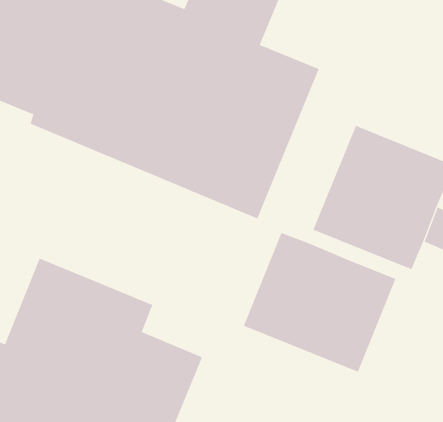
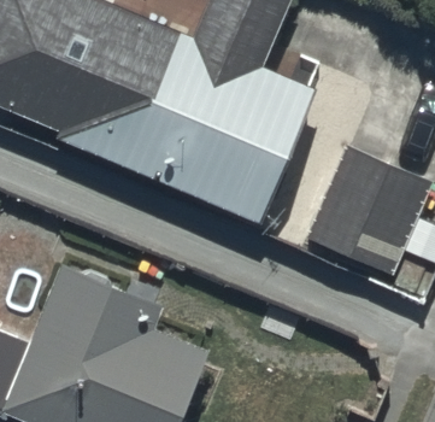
building: [243,232,396,372] -> none

